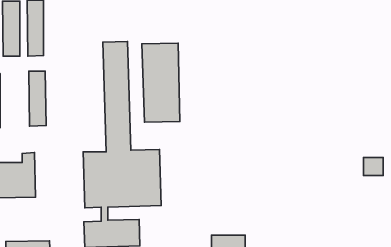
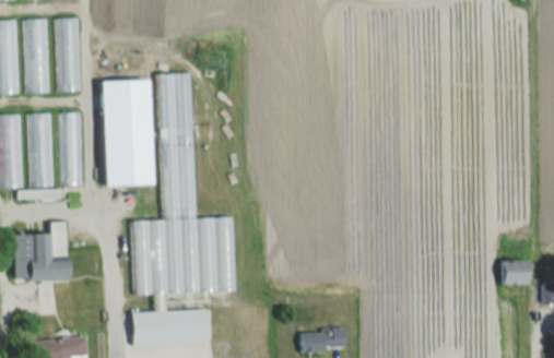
building: [142,43,180,122] -> [102,80,152,184]
building: none -> [27,114,52,187]
building: [364,157,383,176] -> [503,260,529,284]

